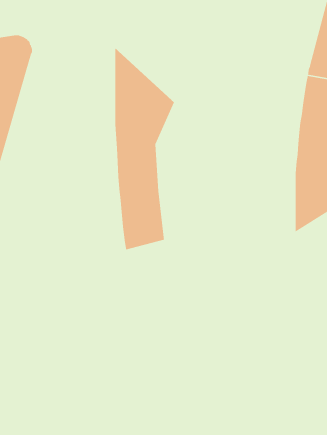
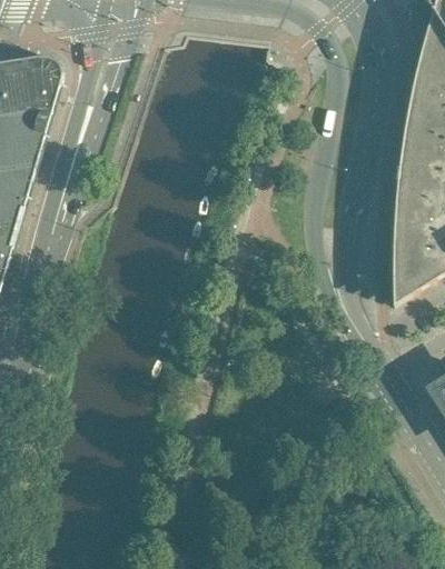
building: [115,47,175,250] -> none

